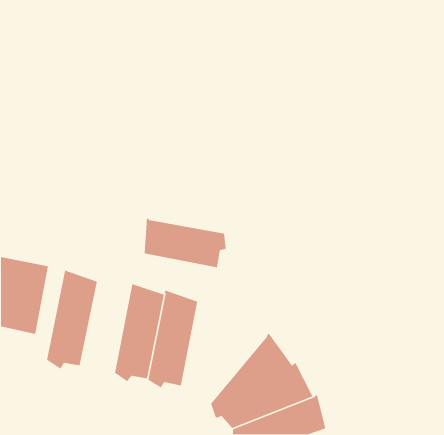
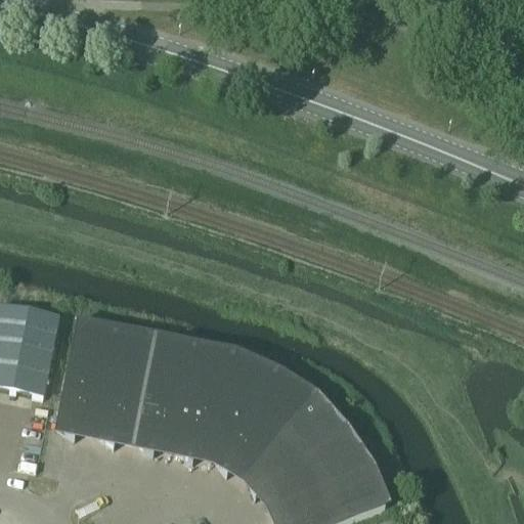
building: [144,218,227,268] -> none
building: none -> [96,324,156,442]
building: none -> [214,348,314,474]

